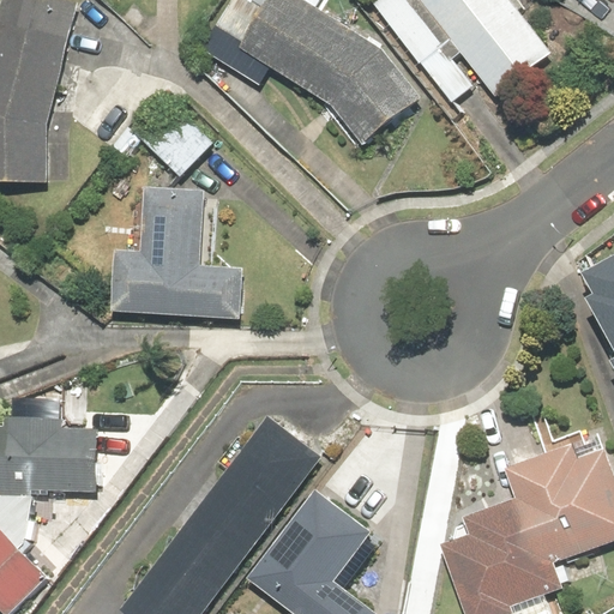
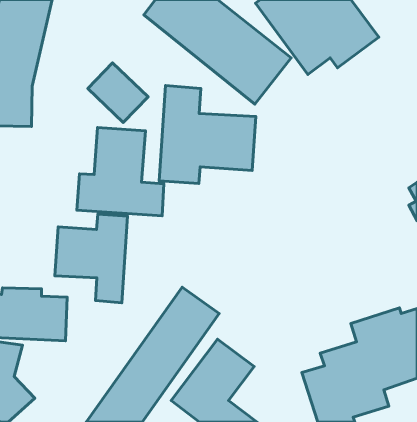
building: none -> [159,85,256,184]
building: none -> [55,214,128,303]

